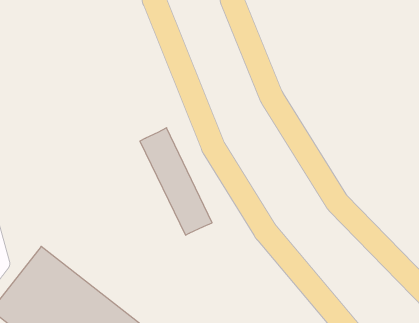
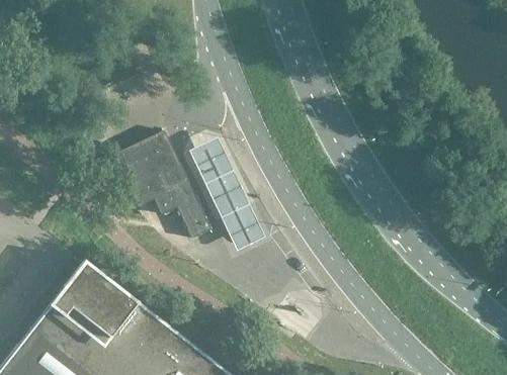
building: none -> [113,130,210,239]

